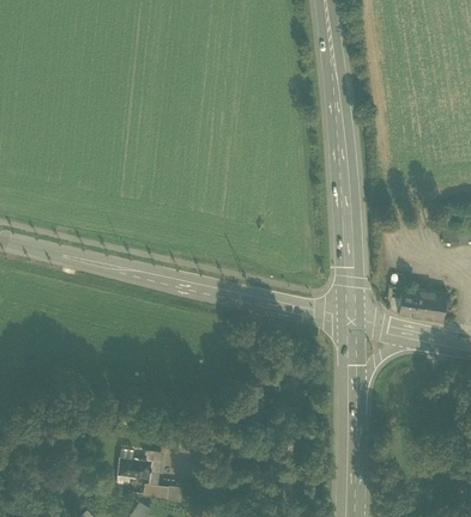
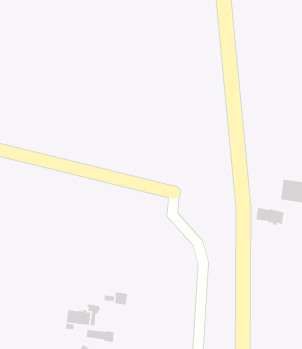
building: none -> [255,207,285,226]

